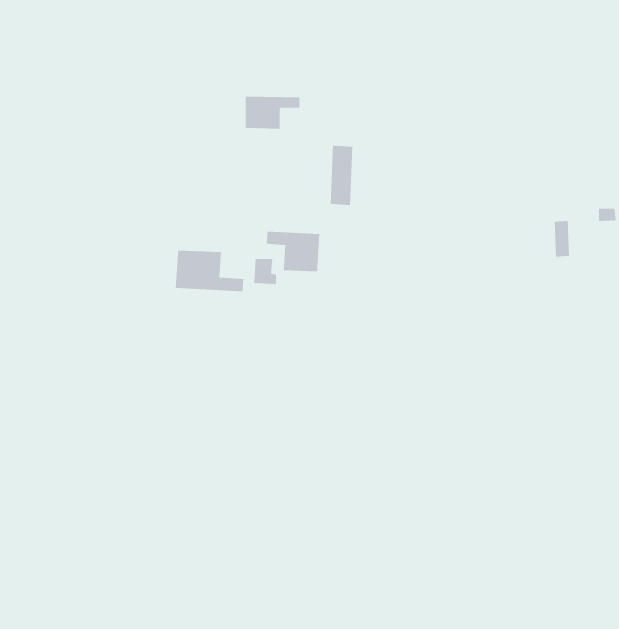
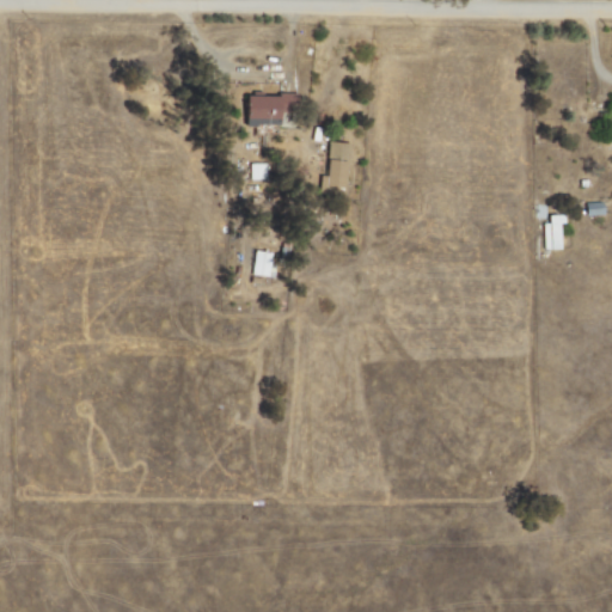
building: [266,231,320,272] -> none
building: [175,250,244,292] -> none

